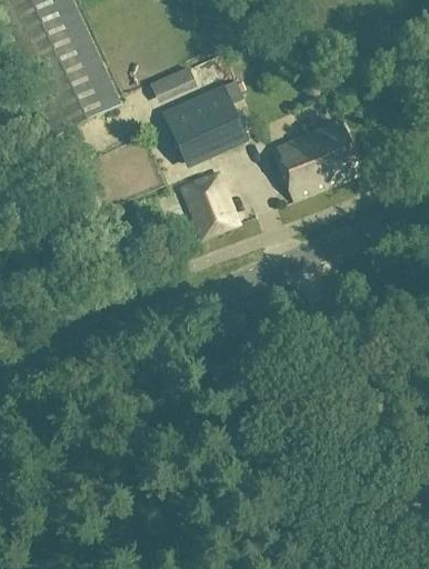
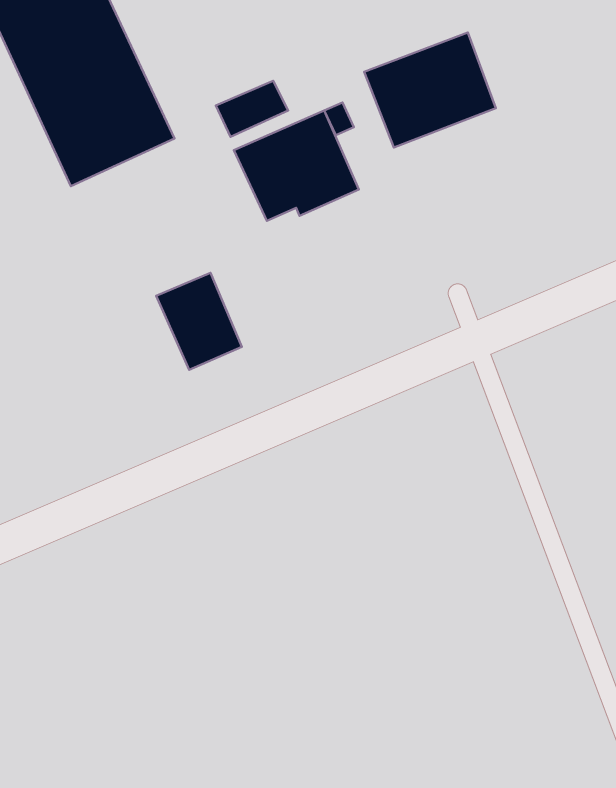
building: [272,121,361,199] -> [364,32,496,148]
building: [181,171,239,237] -> [156,273,242,370]

